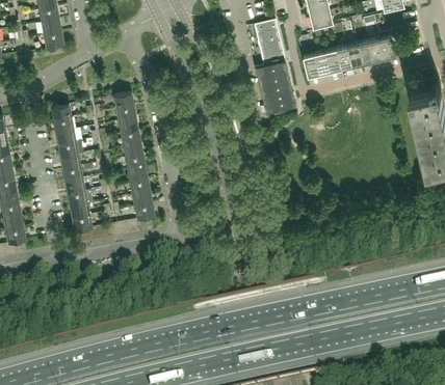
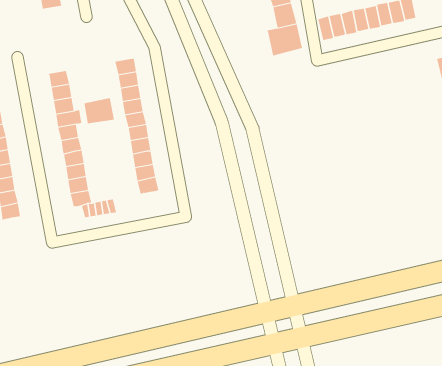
building: [261,85,295,116] -> none
building: none -> [84,98,114,124]

